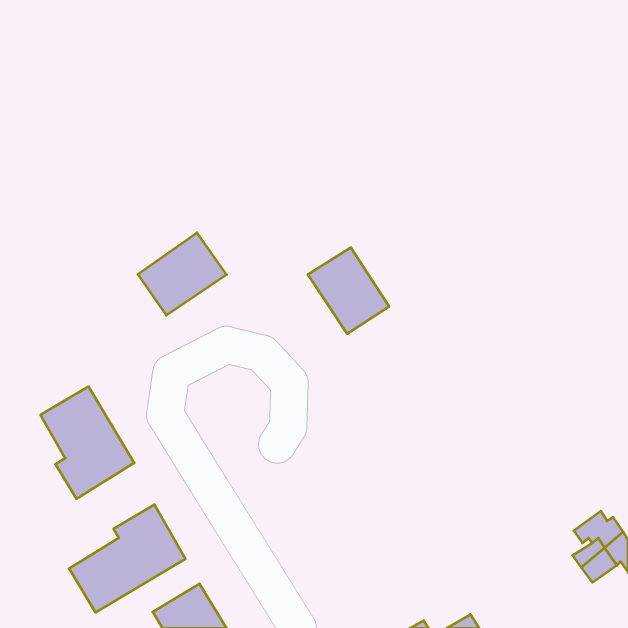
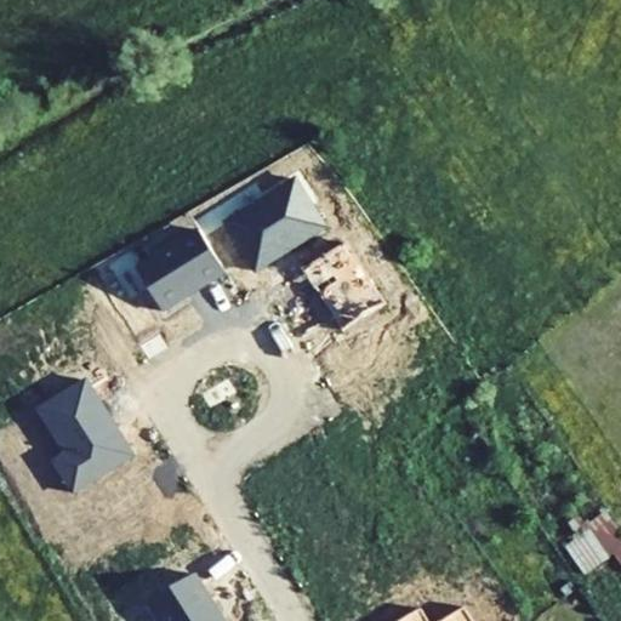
building: none -> [224,175,327,270]
building: [69,505,185,612] -> none

